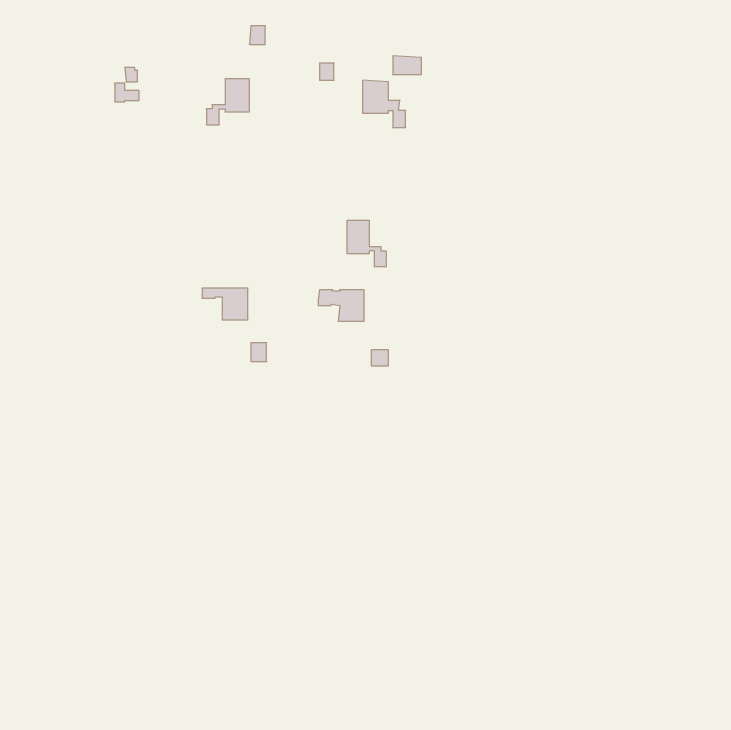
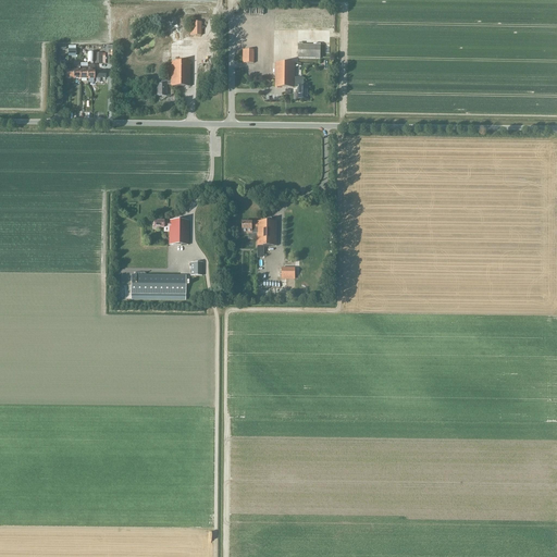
building: [347,220,386,267] -> none
building: none -> [132,273,186,293]

